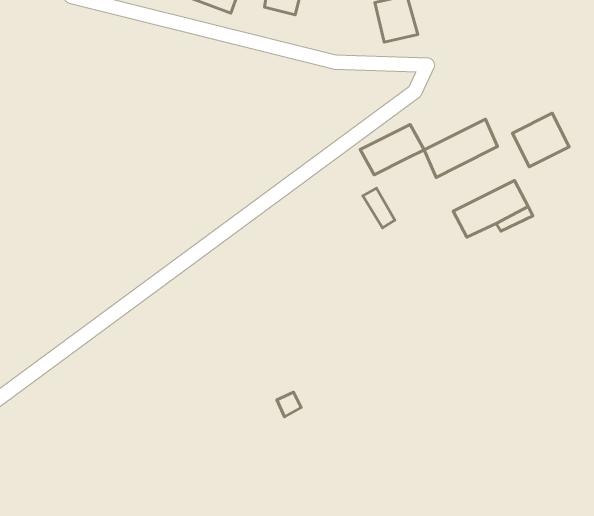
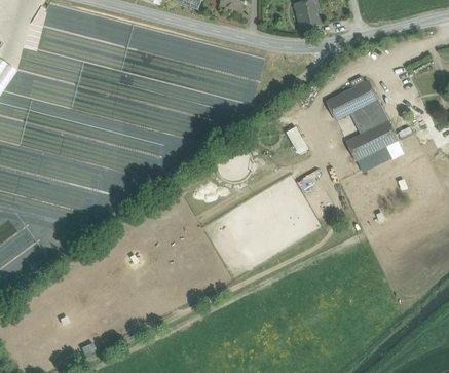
building: [512,113,569,167] -> [348,99,386,135]
building: [360,124,424,175] -> none

